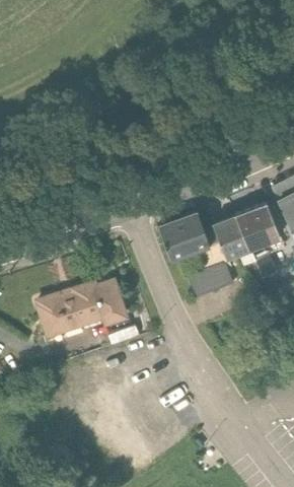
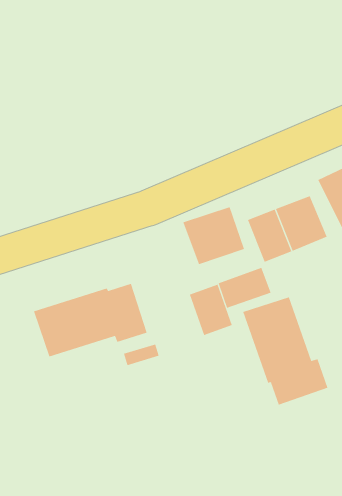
building: none -> [189,284,232,336]
building: none -> [243,296,328,405]

